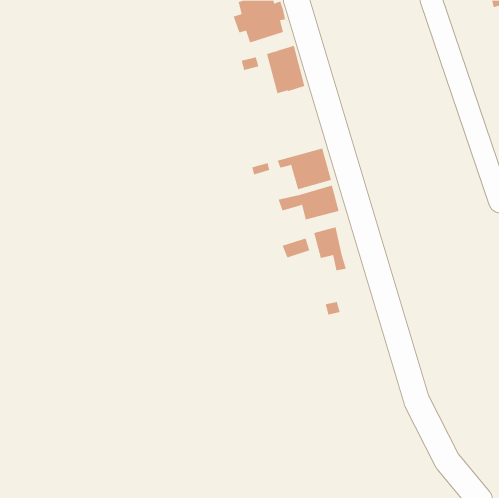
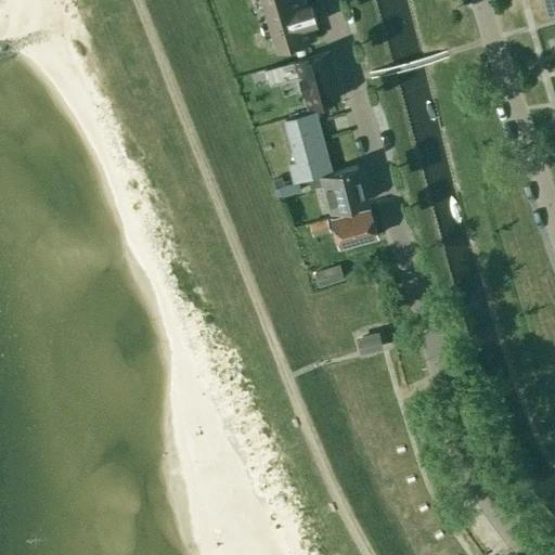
building: none -> [285,113,331,181]
building: [313,227,346,271] -> none

